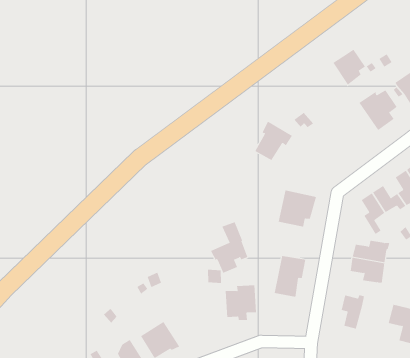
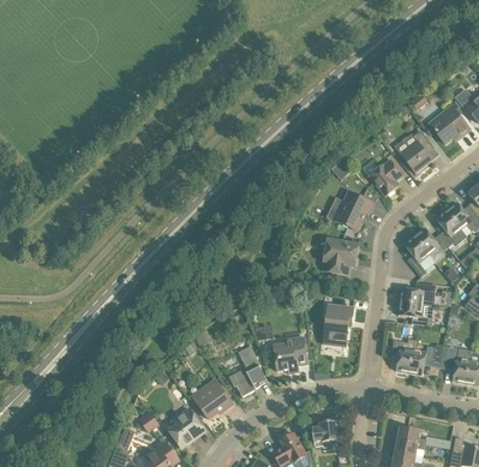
building: [333,49,366,85] -> [369,158,402,196]
building: [255,121,293,161] -> [337,190,375,229]
building: [210,222,248,273] -> [228,345,267,397]
building: none -> [408,343,443,375]

